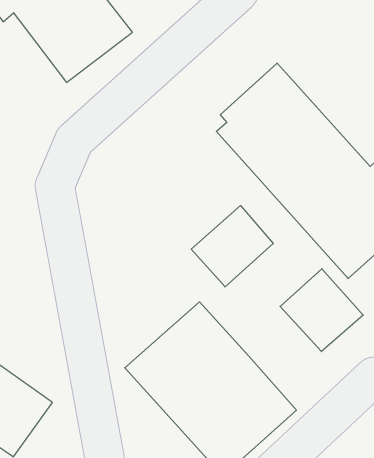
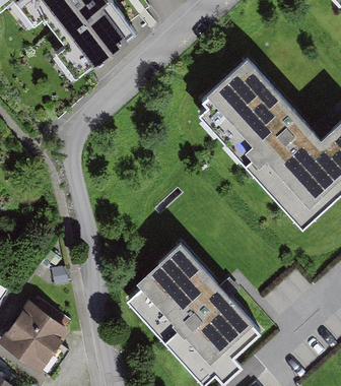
building: [191,206,273,287] -> none
building: [280,269,363,352] -> none

